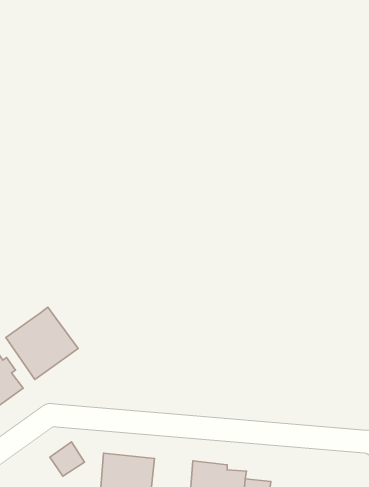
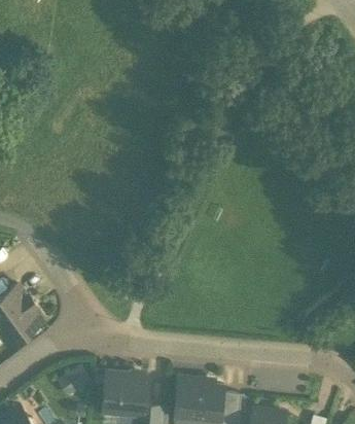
building: [6,307,78,379] -> none

